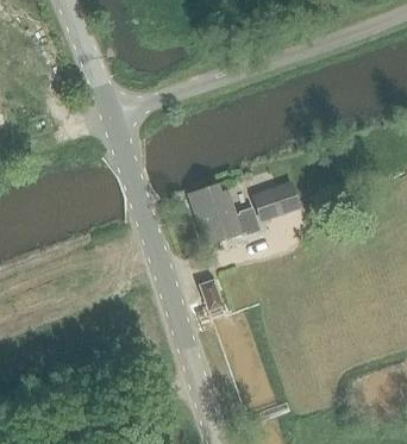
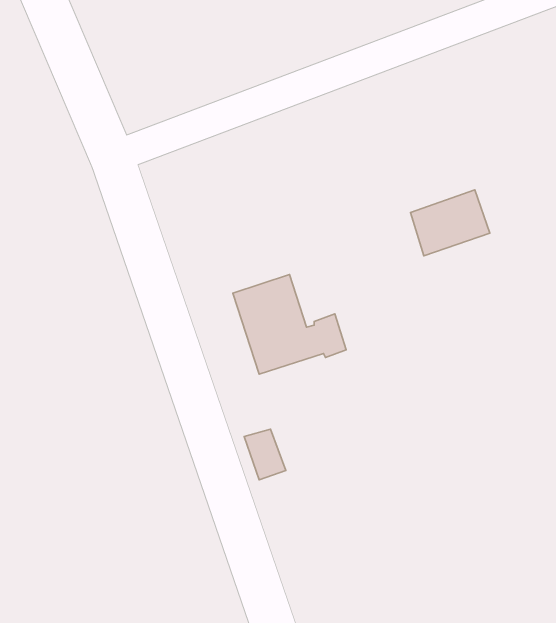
building: [250,180,300,221] -> [411,190,490,256]

